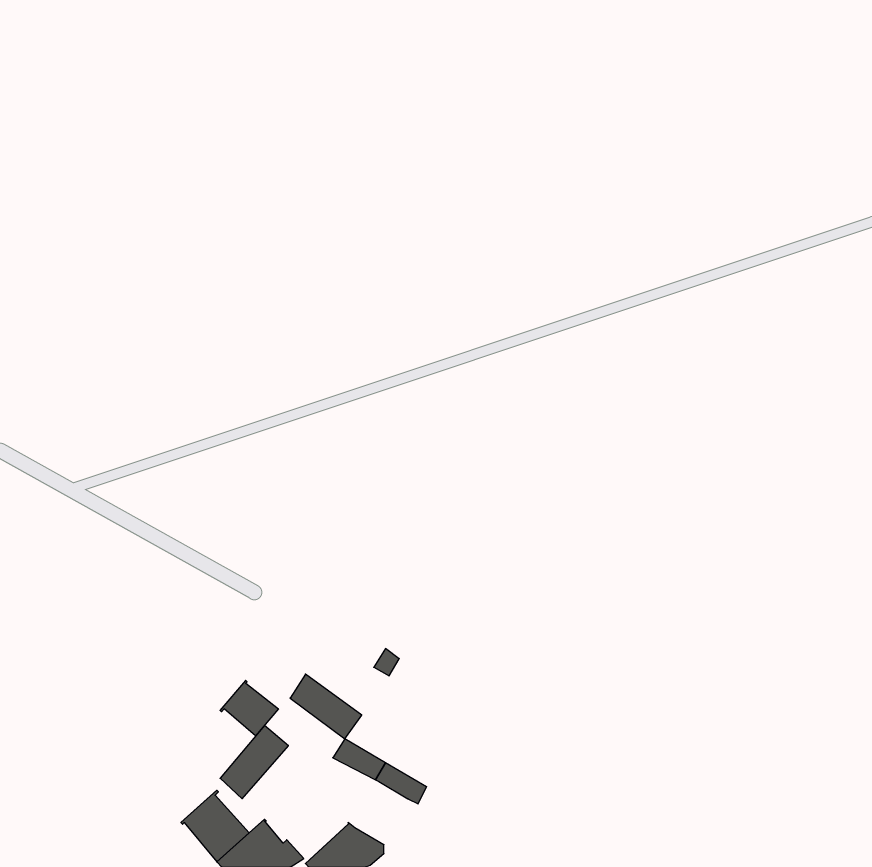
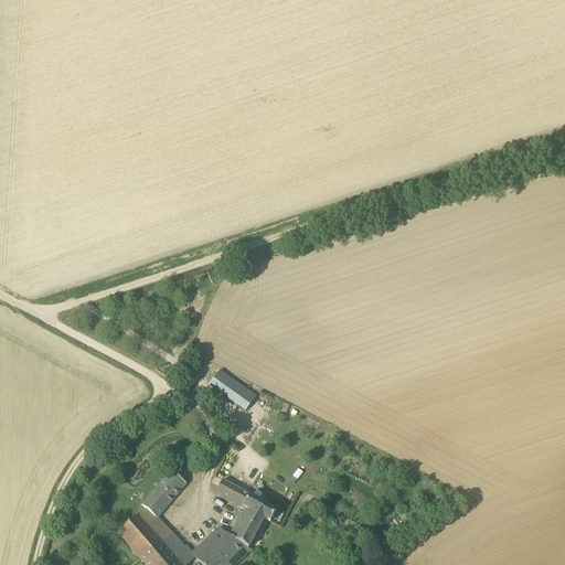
building: [290,674,362,739] -> [210,367,256,409]
building: [220,680,278,736] -> none
building: none -> [230,505,264,546]

